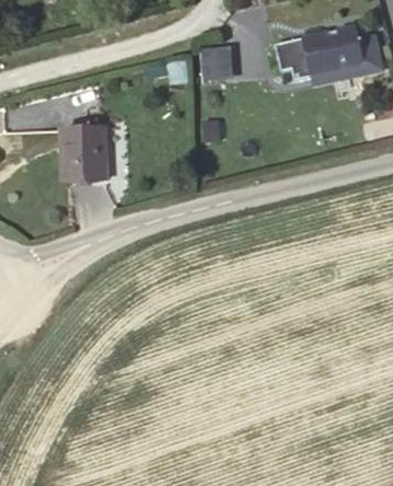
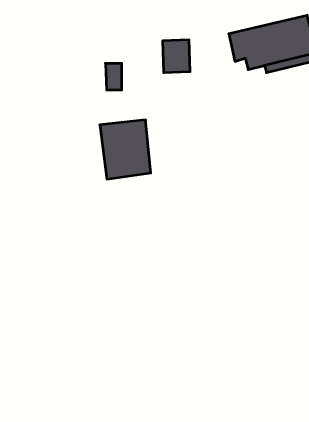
building: [56,123,111,186] -> [100,120,151,179]

